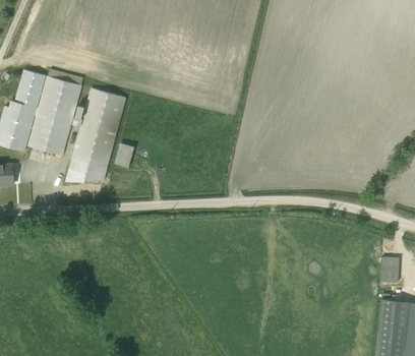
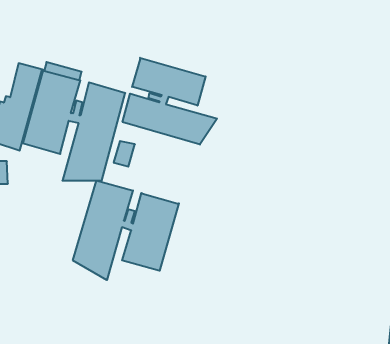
building: none -> [123,58,217,145]
building: none -> [73,181,179,280]

